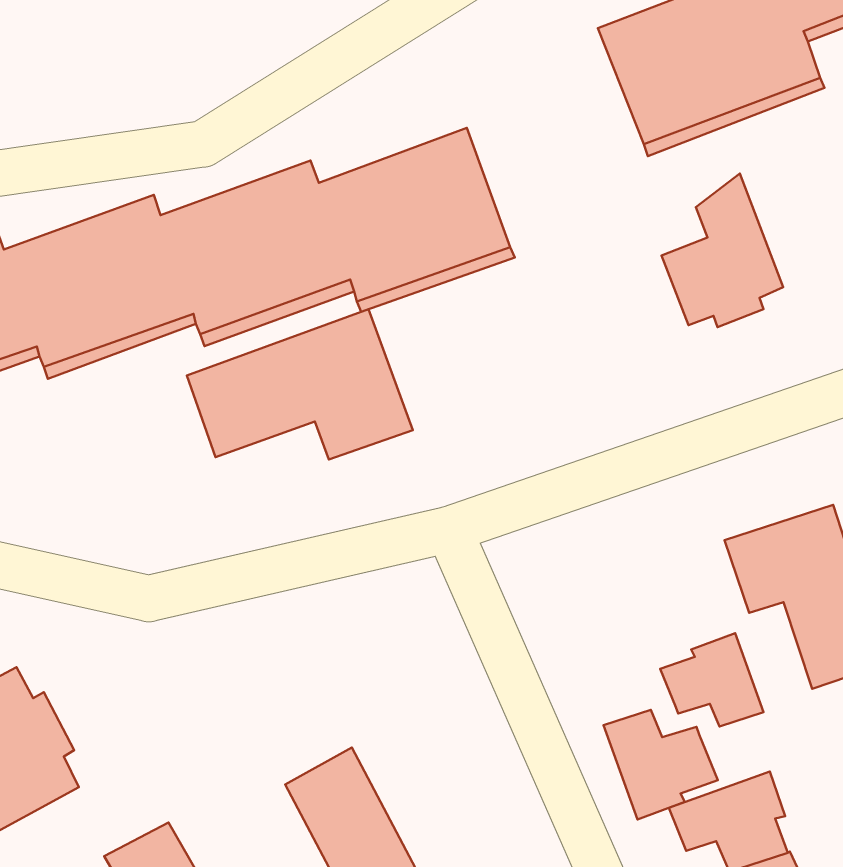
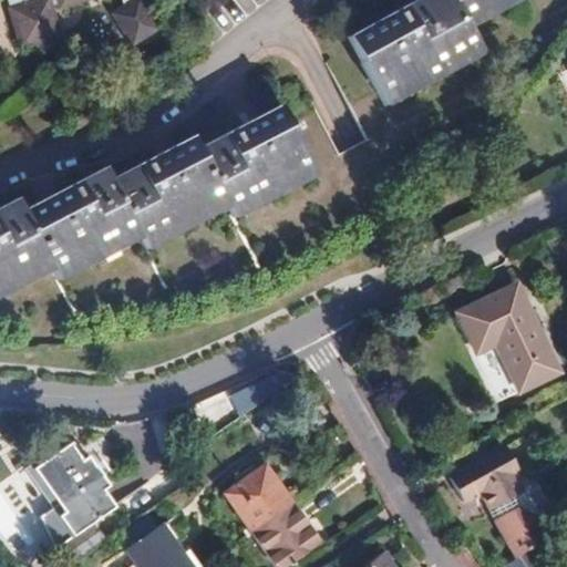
building: [662,173,783,327] -> none
building: [187,309,413,459] -> none
building: [660,633,763,726] -> none
building: [604,710,718,820] -> none

